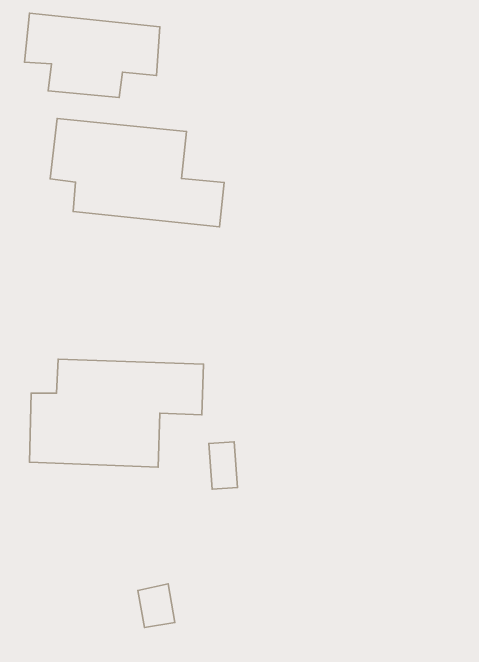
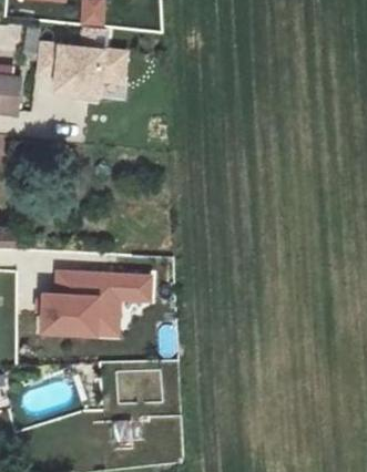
building: [50,118,224,227] -> none

